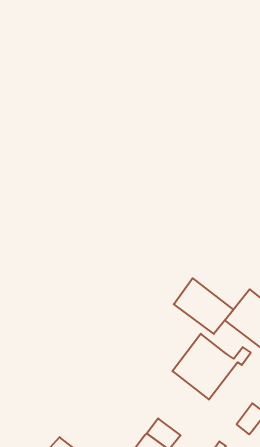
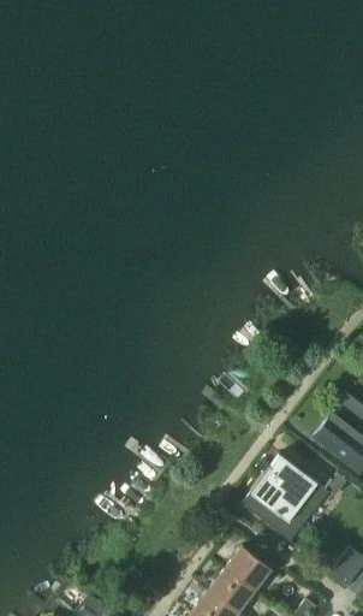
building: [174,278,233,334] -> none
building: none -> [222,545,270,592]

